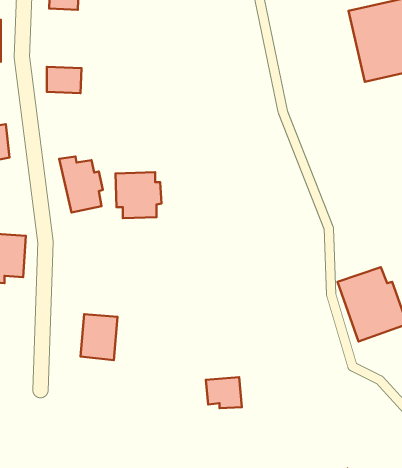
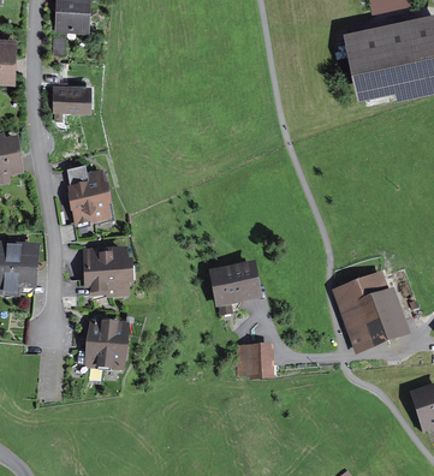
building: [115,172,161,218] -> [84,251,129,296]
building: none -> [210,266,256,303]
building: [206,377,242,408] -> [236,346,270,376]

